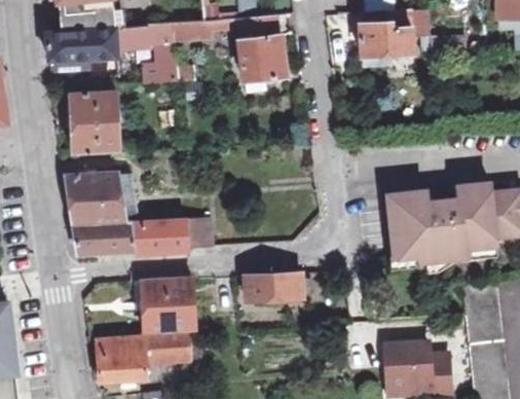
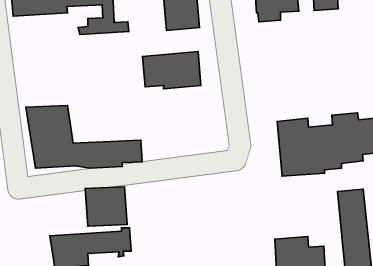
building: [73,92,120,154] -> none
building: none -> [142,52,201,89]
building: [244,271,303,300] -> none

